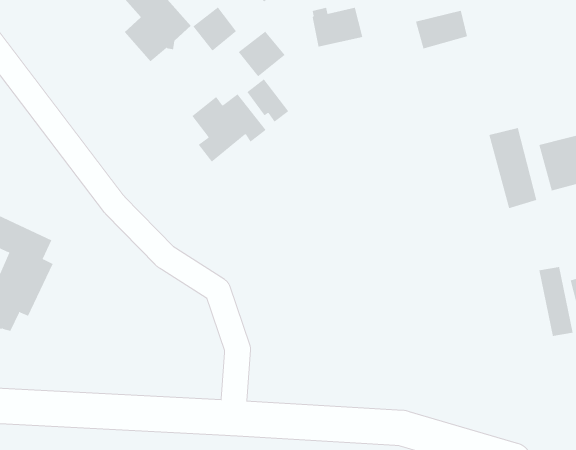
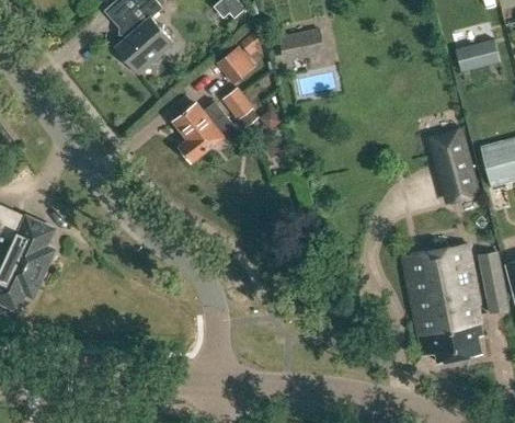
building: [192,6,237,52] -> none
building: [415,10,468,49] -> [453,38,499,72]
building: none -> [402,243,483,363]

